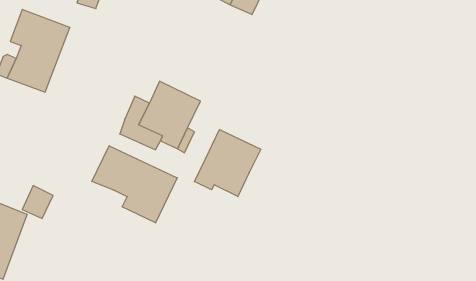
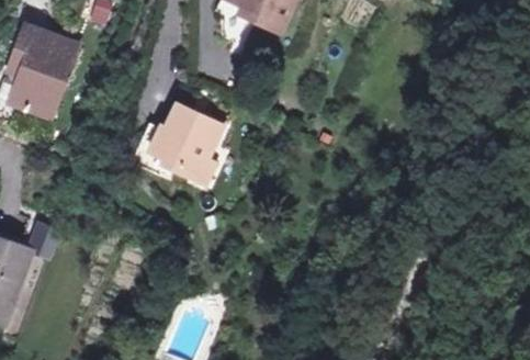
building: [194,130,261,197] -> none
building: [92,146,177,223] -> none

